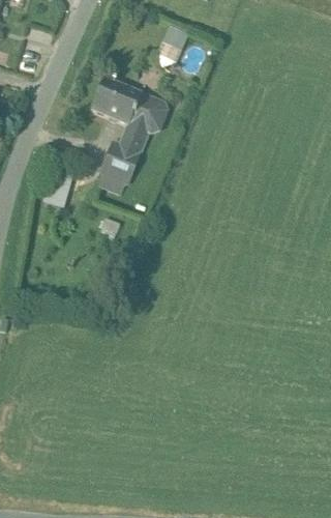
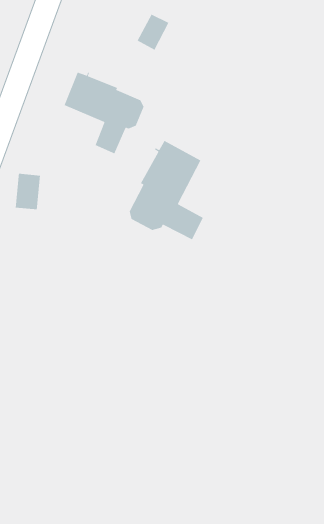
building: none -> [129,140,204,240]
building: [102,143,139,180] -> none

